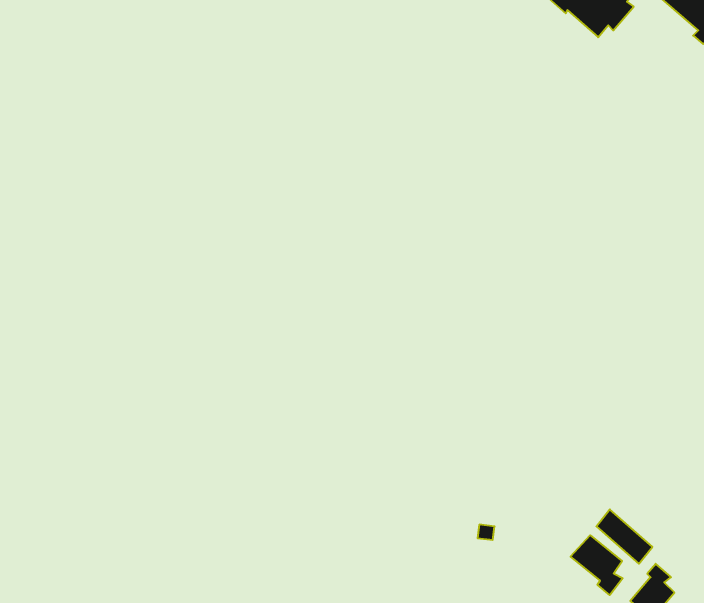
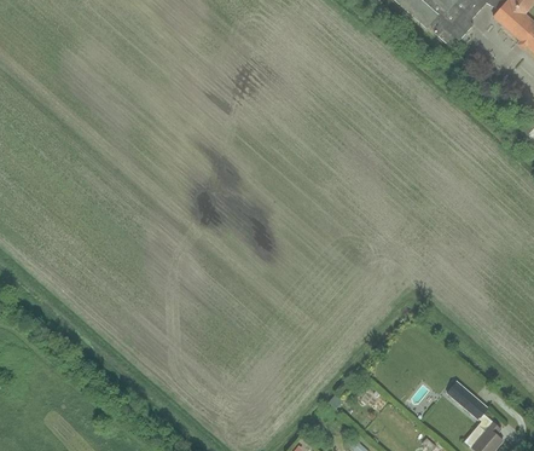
building: [571,535,623,595] -> none

